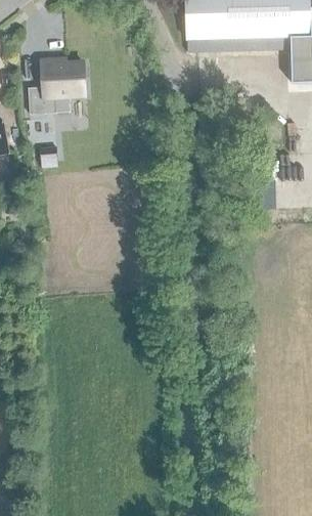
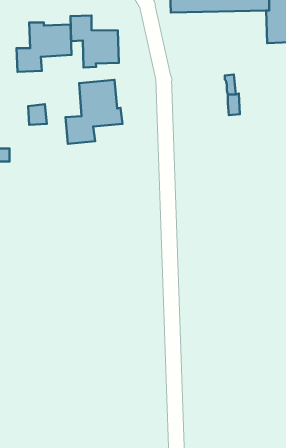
building: none -> [70,16,119,68]
building: none -> [65,80,123,144]

